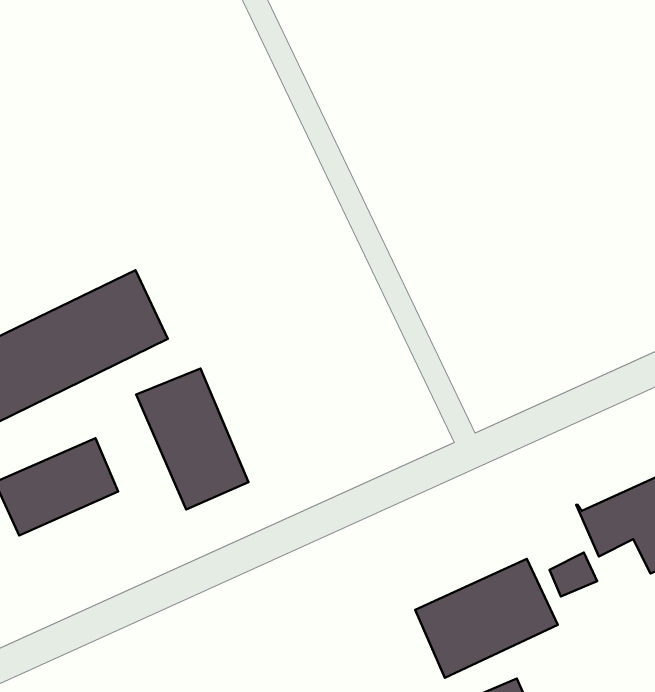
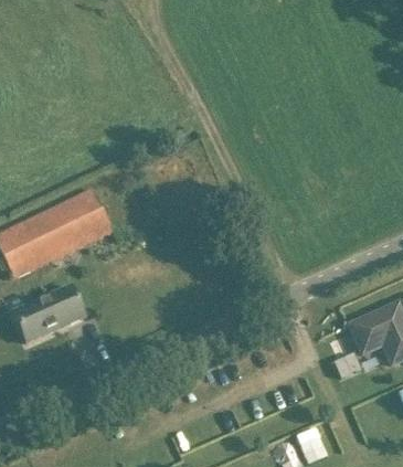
building: [136,369,249,510] -> none
building: [415,559,558,678] -> none

